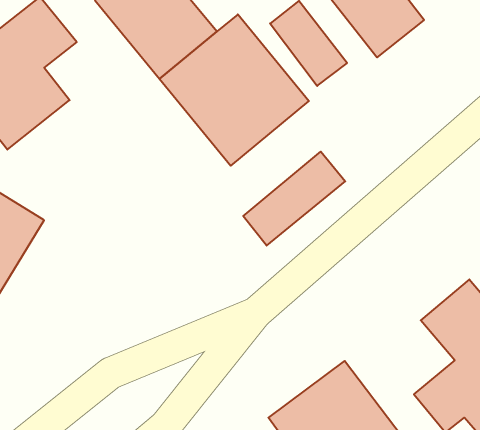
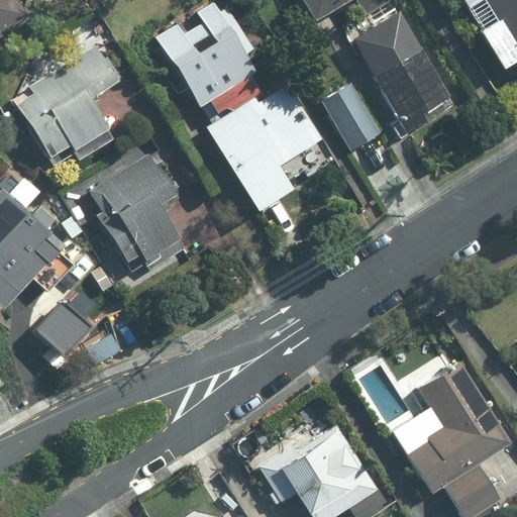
building: none -> [80,145,188,275]
building: [243,152,345,246] -> none
building: none -> [30,301,89,359]

